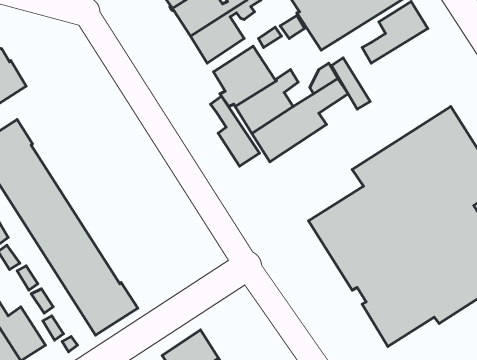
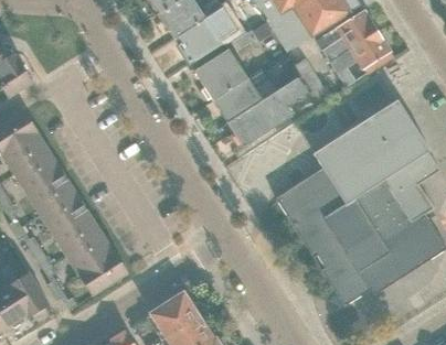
building: none -> [329,32,391,86]
building: [211,96,260,166] -> none

